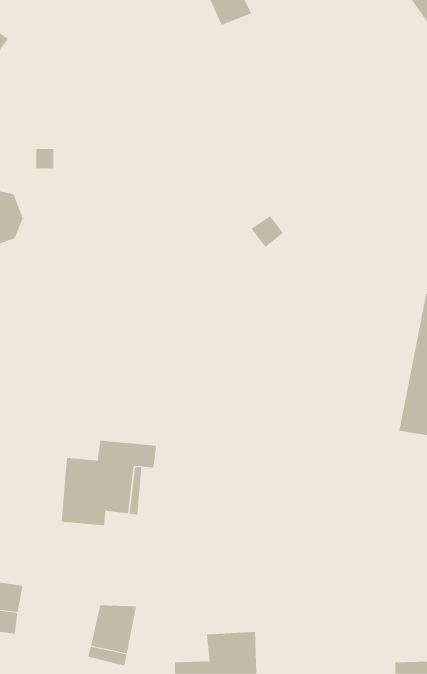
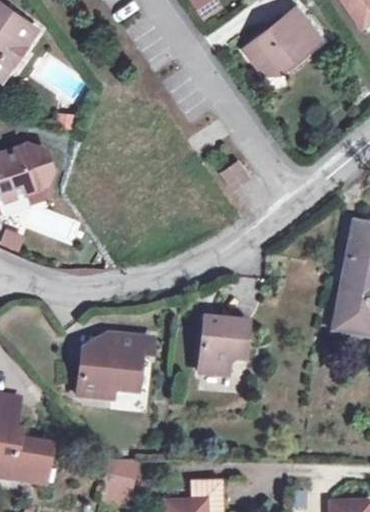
building: none -> [246,10,323,75]
building: none -> [198,316,247,373]

